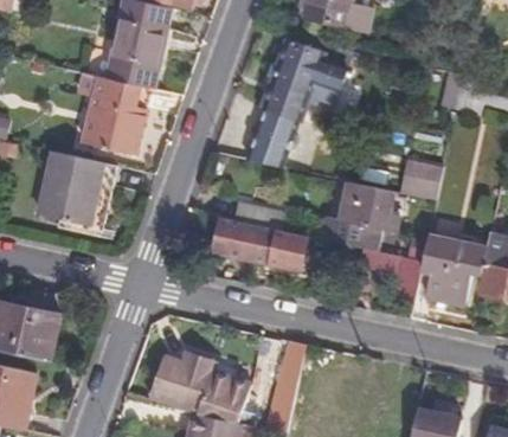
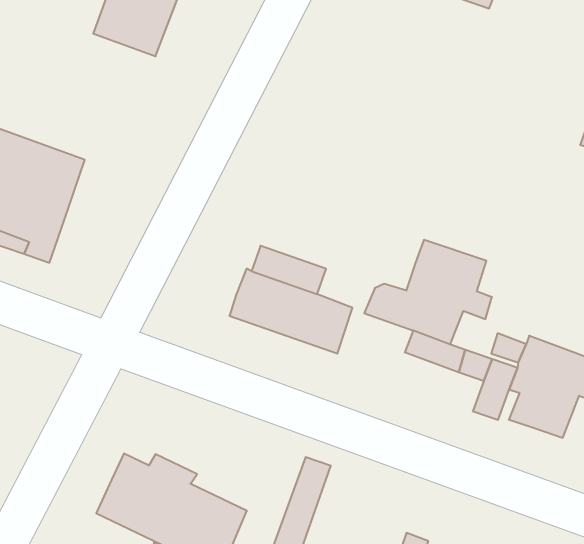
building: [240,40,345,167] -> none
building: [79,75,149,153] -> none
building: [401,156,442,199] -> none

